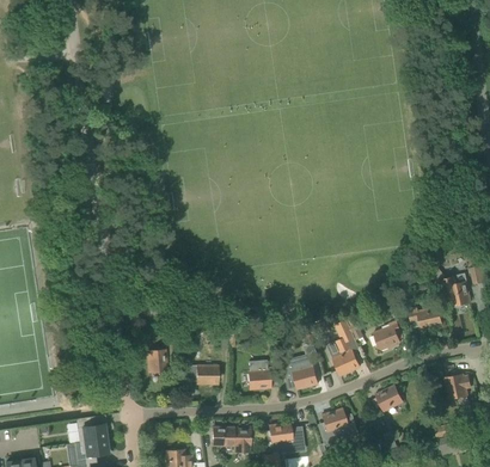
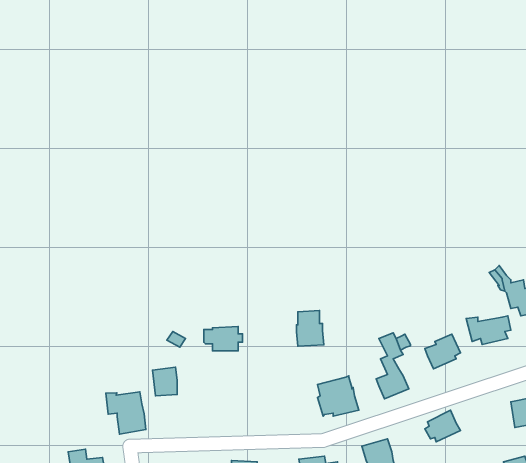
building: [249,360,271,389] -> [297,310,324,346]
building: [190,364,222,385] -> [204,327,243,351]
building: none -> [106,392,146,434]

